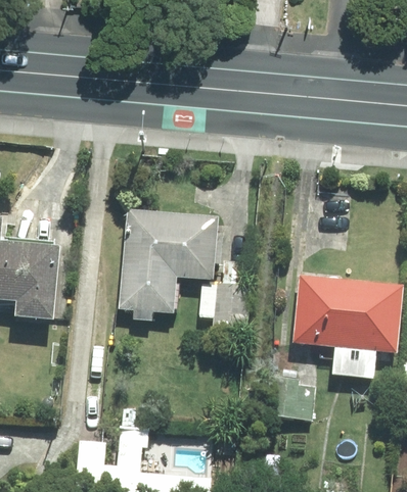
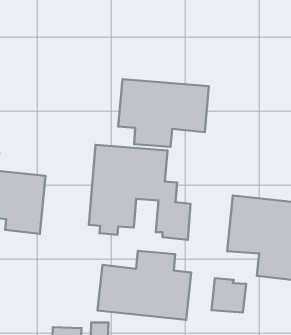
building: none -> [118,79,209,147]
building: none -> [97,251,191,320]

